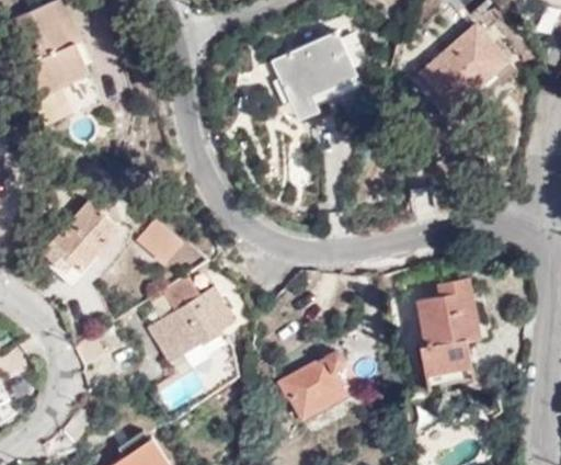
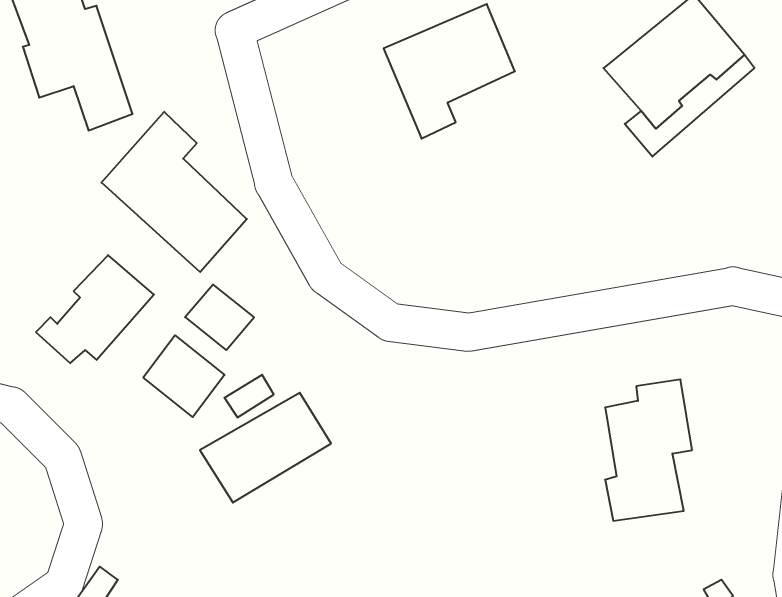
building: none -> [101,112,247,272]
building: none -> [143,335,225,417]
building: [295,347,354,406] -> none

